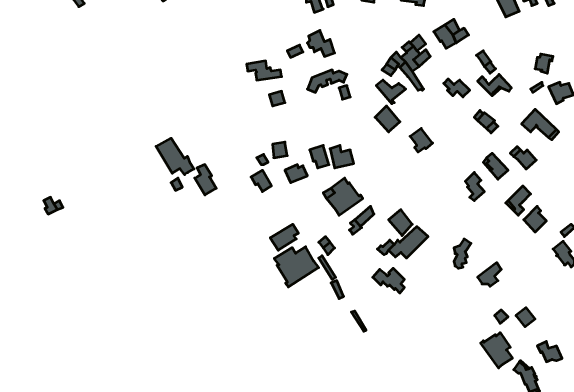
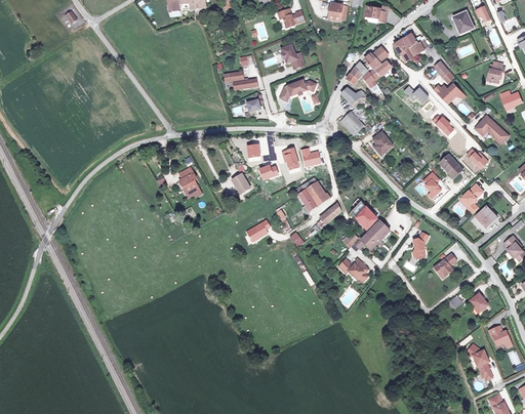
building: [156,138,194,175] -> none
building: [274,247,319,287] -> none
building: [481,333,512,368] -> none

